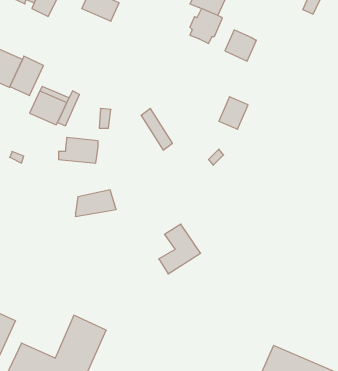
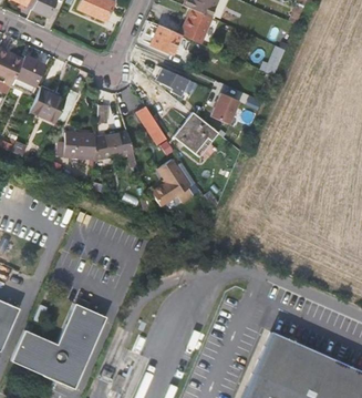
building: [225,30,256,61] -> [152,24,182,54]
building: none -> [152,65,188,95]
building: none -> [173,112,216,155]
building: [75,190,116,217] -> [94,135,133,161]
building: [159,224,201,274] -> [152,160,192,207]

